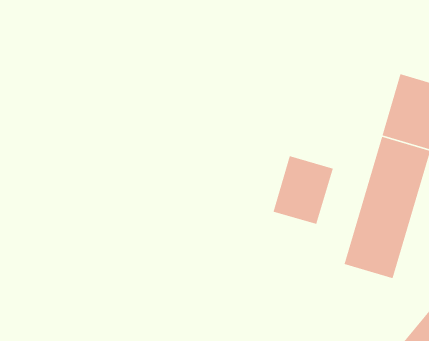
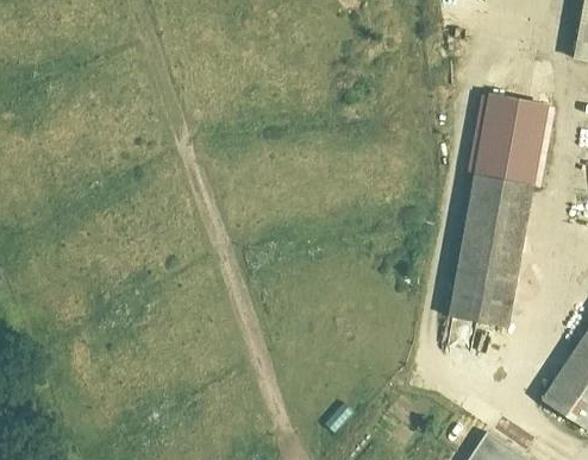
building: [273,155,334,225] -> none

